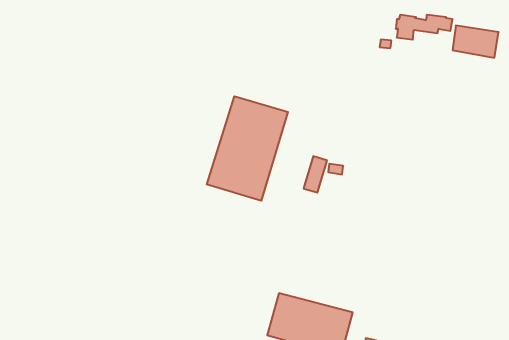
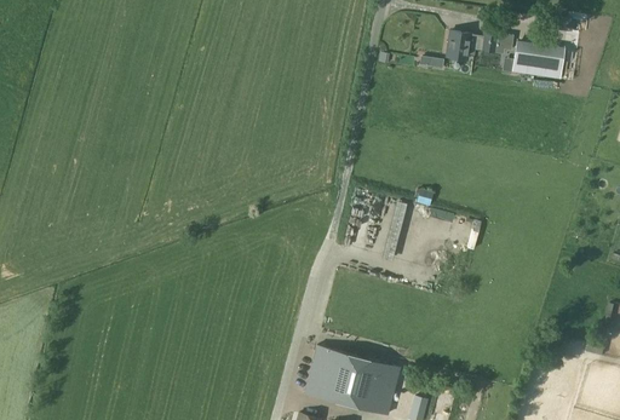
building: [207,96,288,201] -> none

